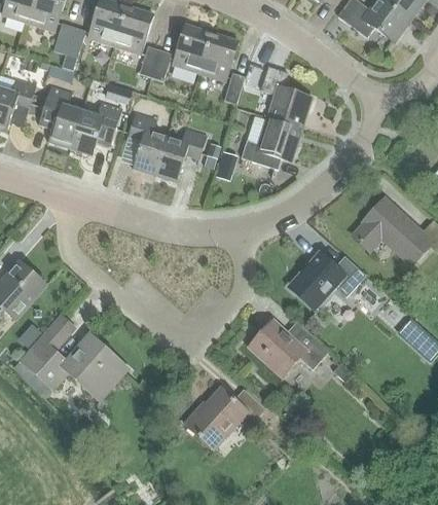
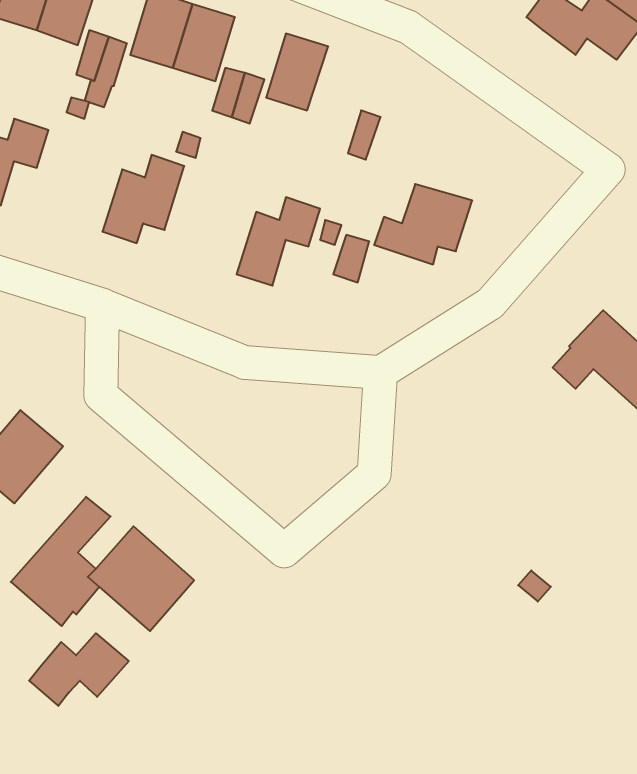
building: [198,32,239,80] -> none
building: [261,66,312,129] -> none
building: [38,84,82,148] -> none
building: [127,111,167,175] -> none
building: [291,254,365,305] -> none
building: [249,320,329,375] -> none
building: [185,388,265,447] -> none
building: none -> [29,633,129,706]

